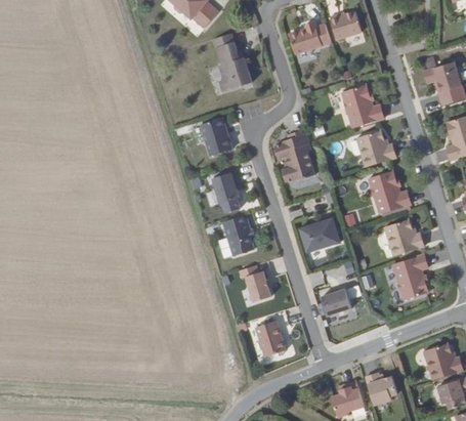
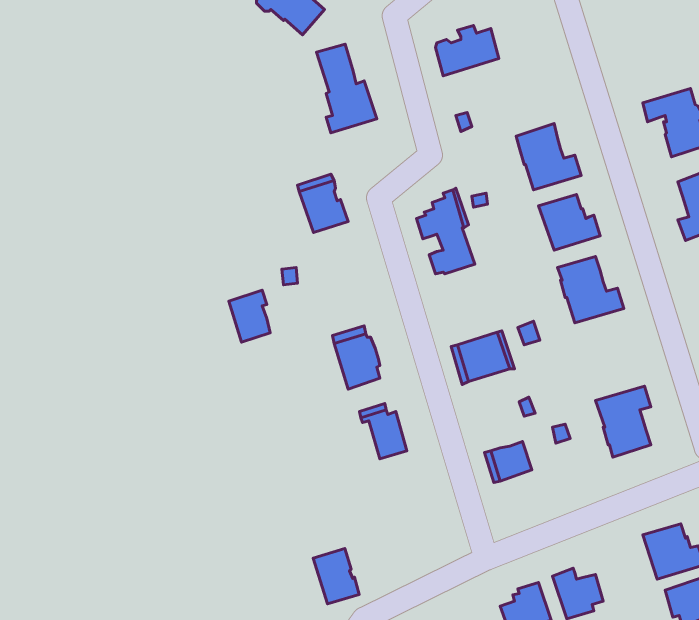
building: [329,10,361,39] -> none
building: [213,170,240,204] -> [229,290,270,342]
building: [385,218,425,255] -> none
building: [256,321,286,356] -> [313,549,359,604]

